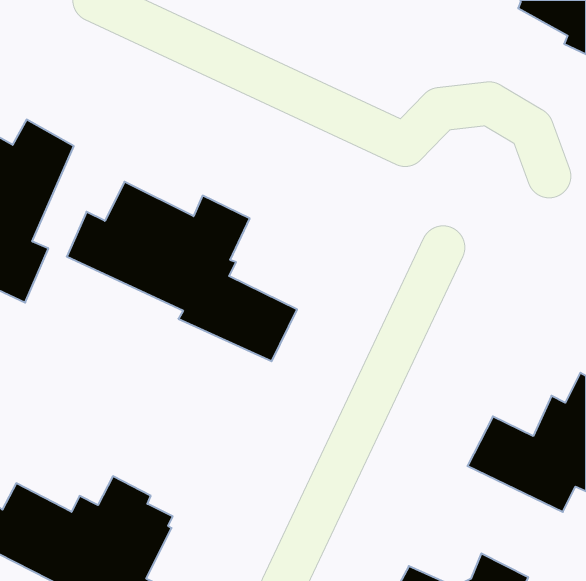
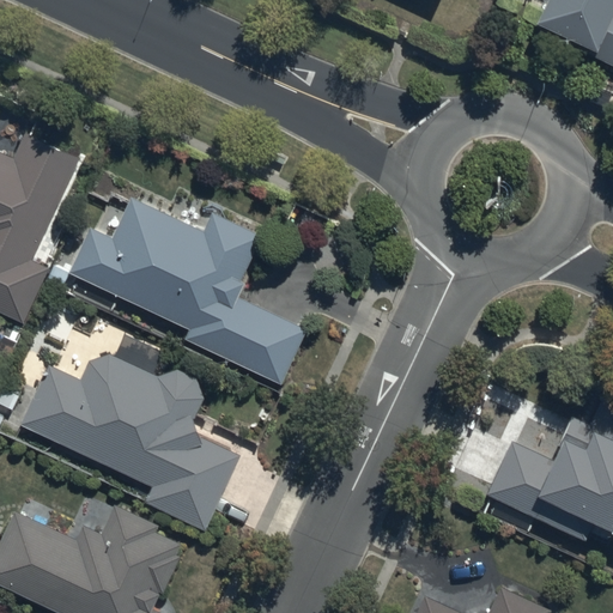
building: none -> [20,354,239,530]

